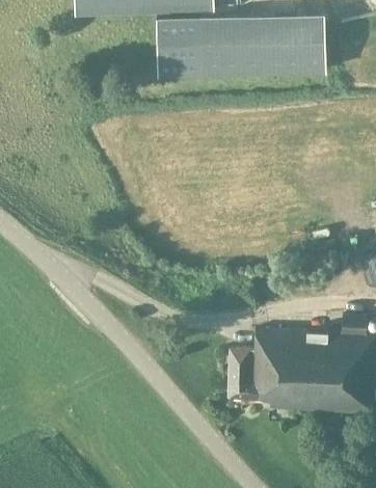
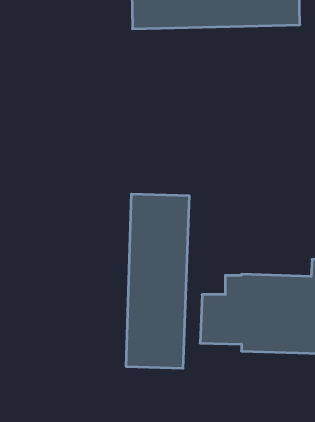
building: none -> [126,194,189,368]

